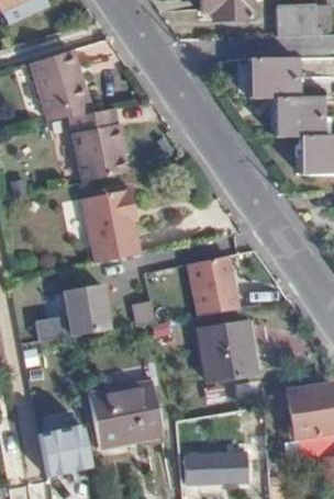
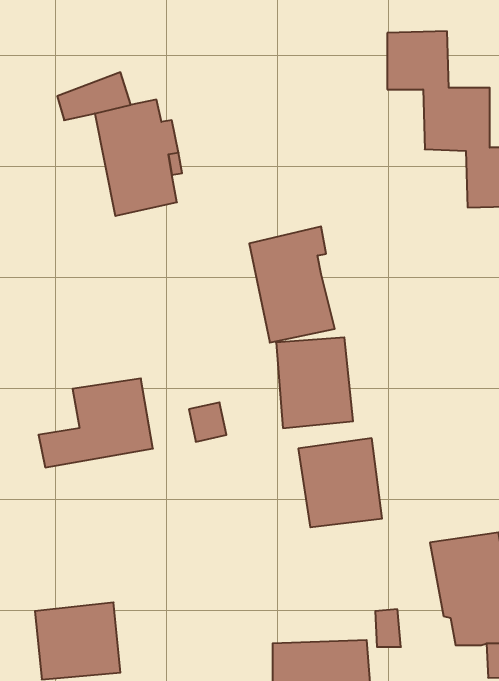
building: [33,47,87,104] -> none
building: [78,189,133,263] -> [249,226,335,343]
building: [91,382,164,446] -> none

